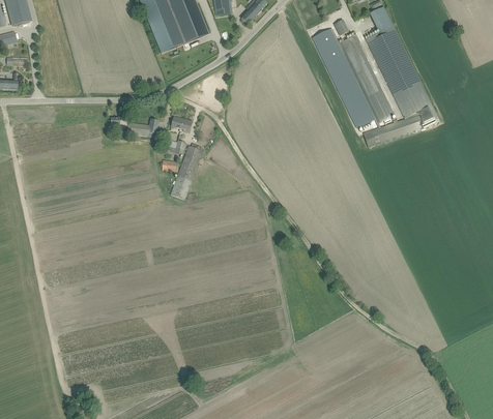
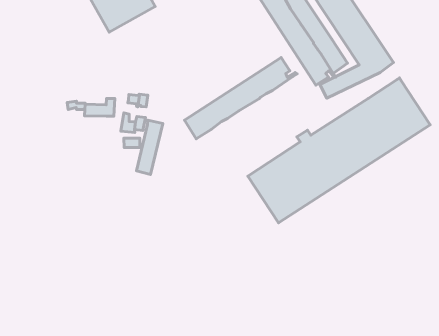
building: none -> [185,58,297,139]
building: none -> [248,78,430,223]

